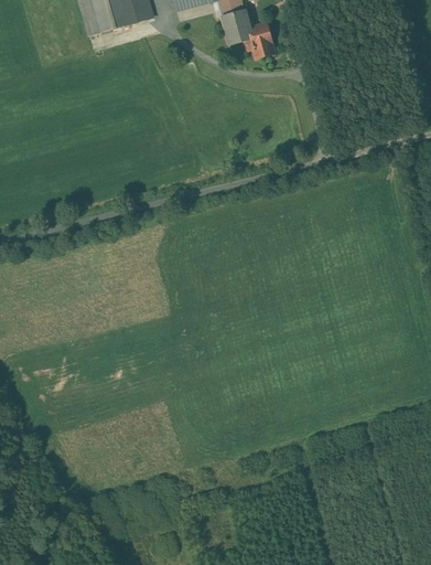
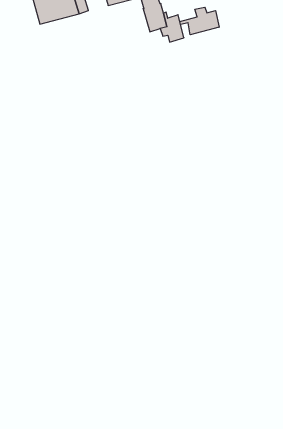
building: none -> [180,7,219,35]

